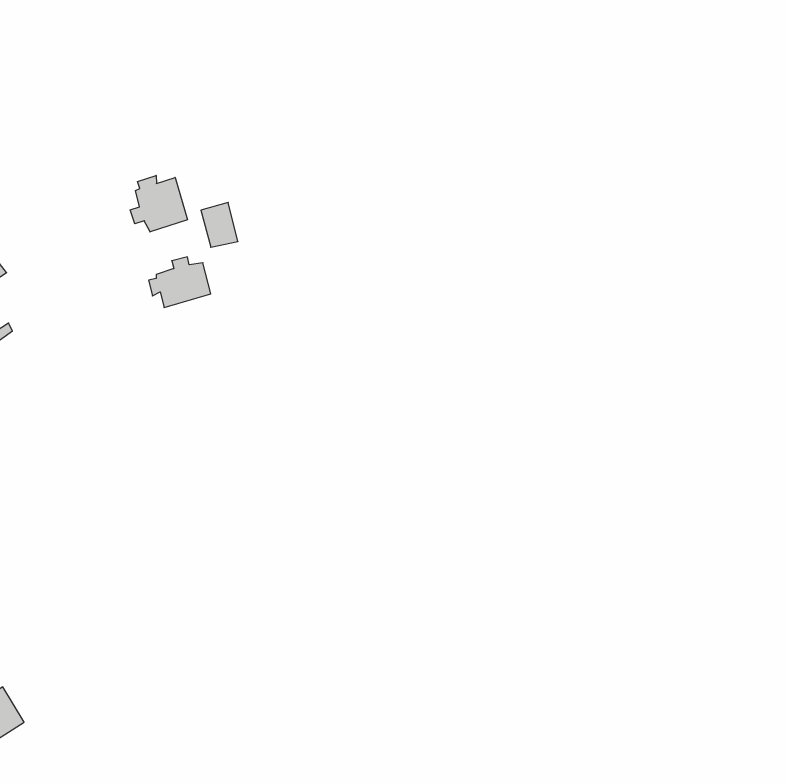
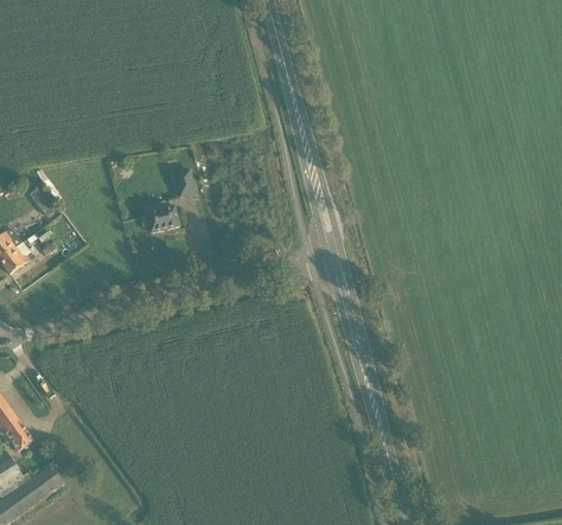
building: [130,175,187,232] -> none

